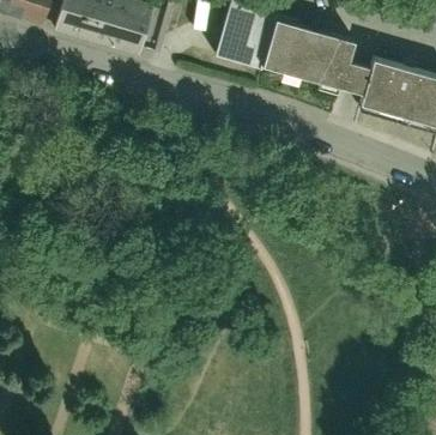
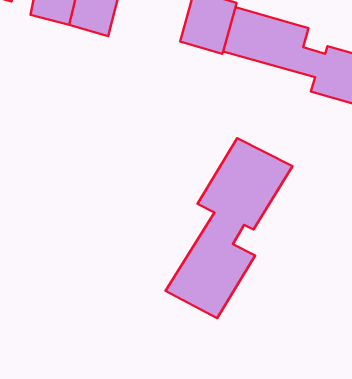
building: none -> [166,138,292,318]

